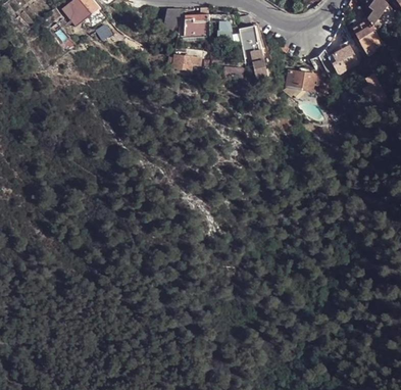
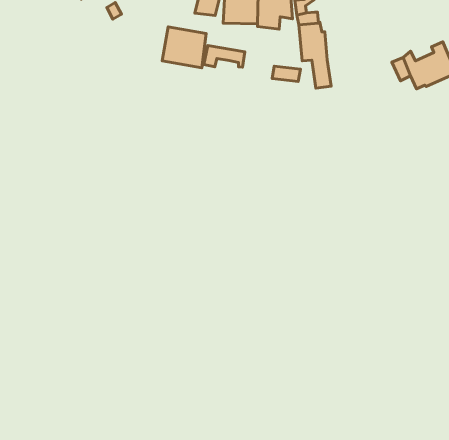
building: none -> [162,27,206,68]
building: [287,69,319,96] -> none

